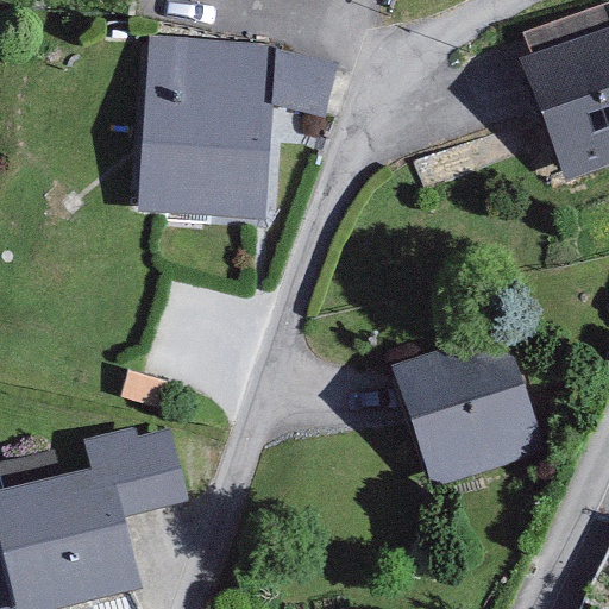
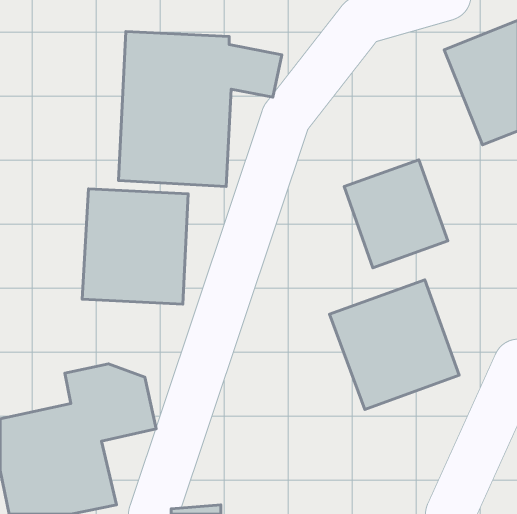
building: none -> [344,160,448,268]
building: none -> [82,189,188,304]

